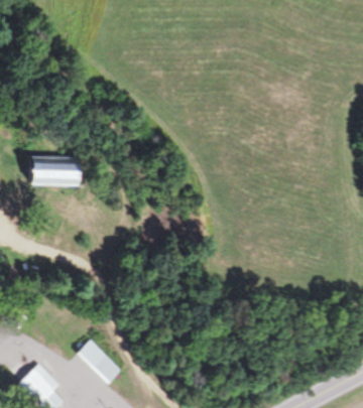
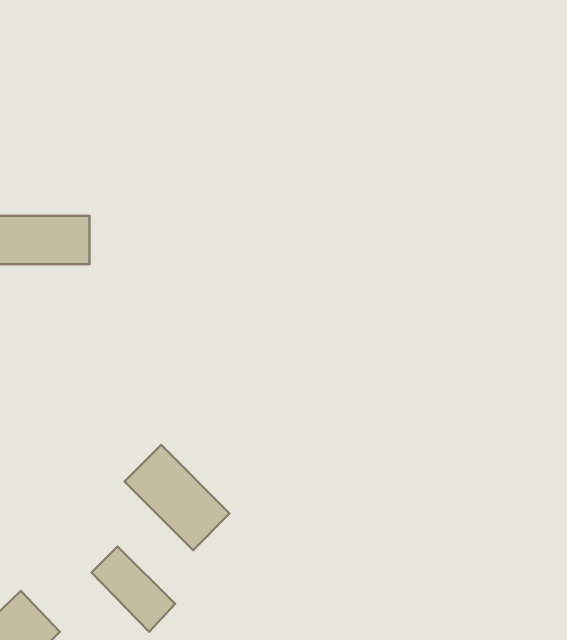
building: none -> [125,445,230,550]

